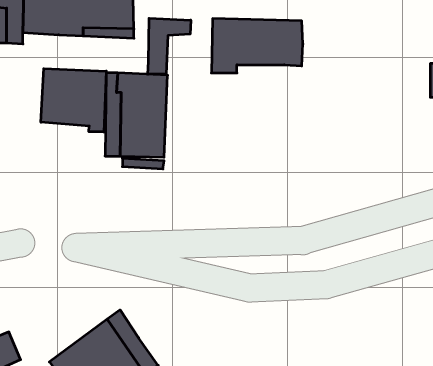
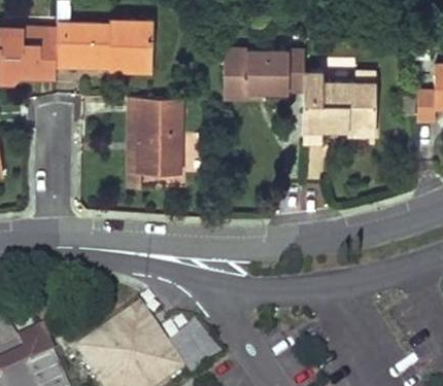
building: [148,18,191,74] -> none
building: none -> [302,72,377,146]
building: [41,69,106,132] -> none

